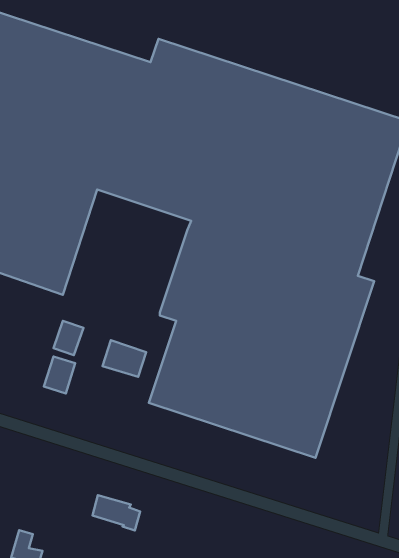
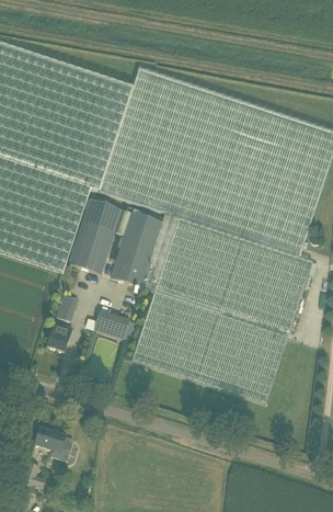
building: none -> [69,198,122,273]
building: none -> [111,211,162,286]
building: [92,495,140,531] -> [35,426,73,455]

